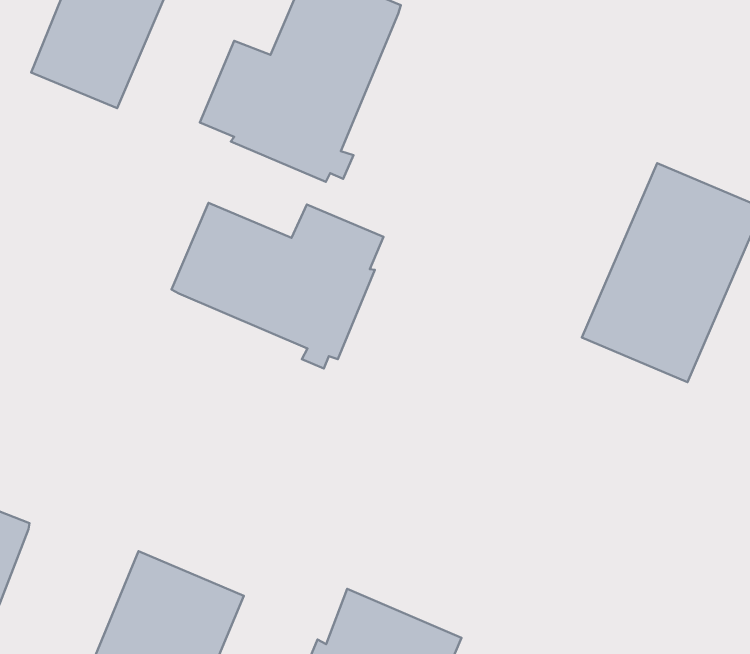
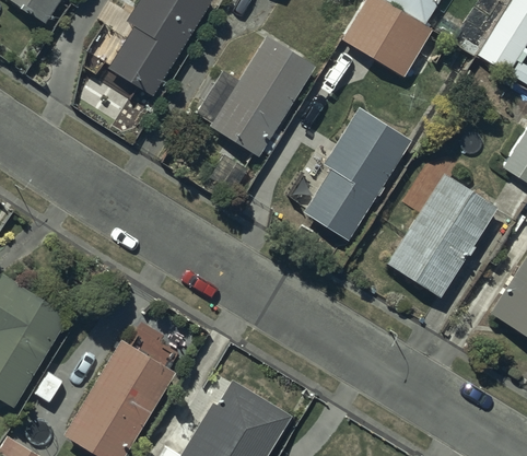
building: none -> [305,107,410,239]
building: [172,203,384,369] -> none

